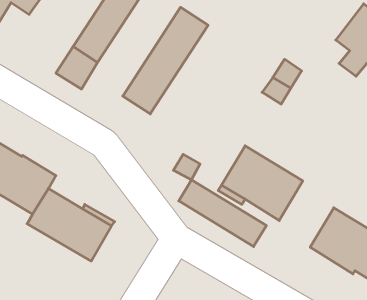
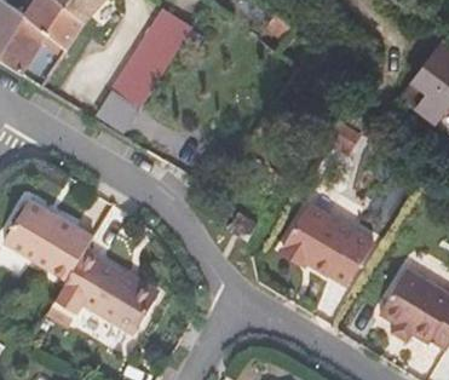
building: [123,7,208,114] -> none
building: [179,180,266,247] -> none

